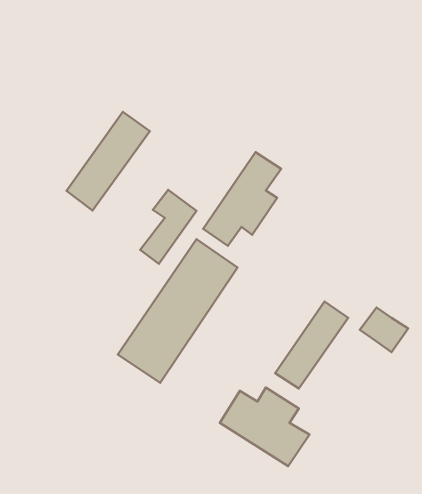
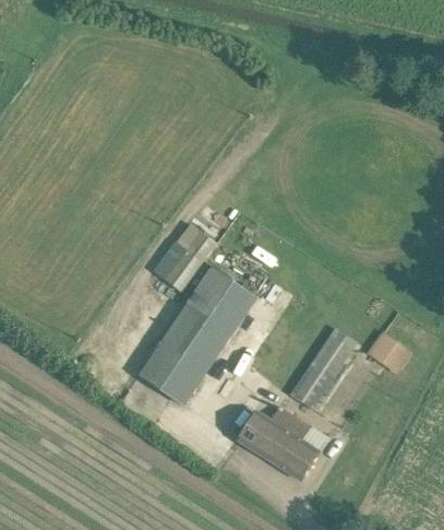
building: [67,112,150,211] -> none
building: [203,152,281,246] -> none

